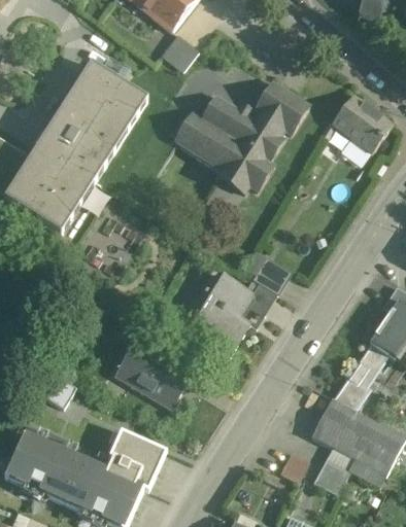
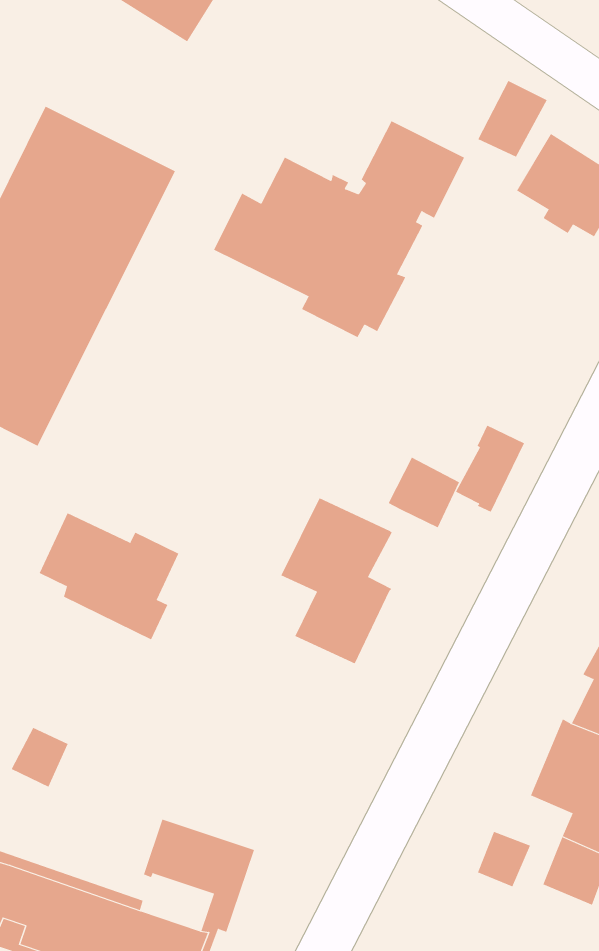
building: [161,34,198,70] -> none
building: none -> [478,80,547,157]
building: [238,282,276,327] -> [455,425,525,512]
building: [116,340,190,410] -> [39,512,179,640]
building: [104,457,142,489] -> none

